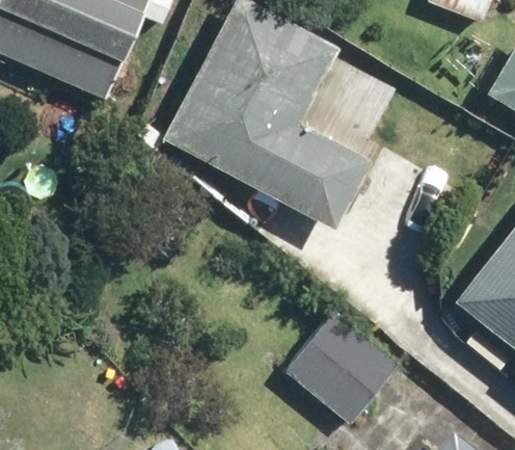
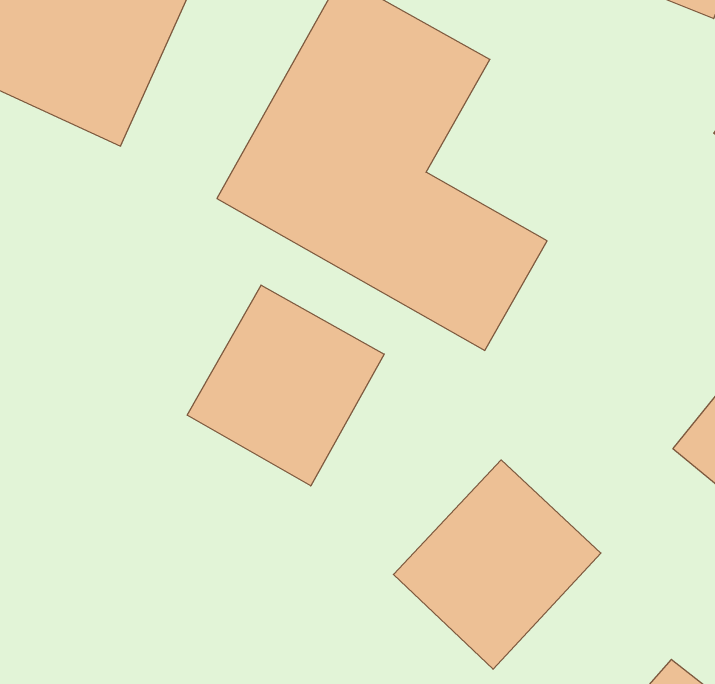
building: none -> [187,285,384,486]

